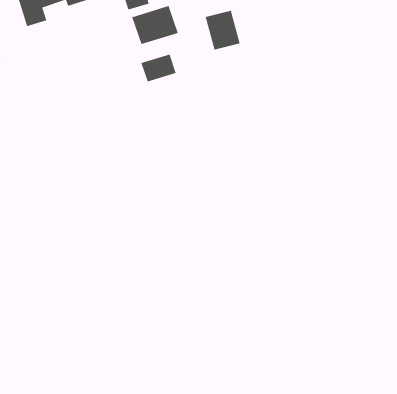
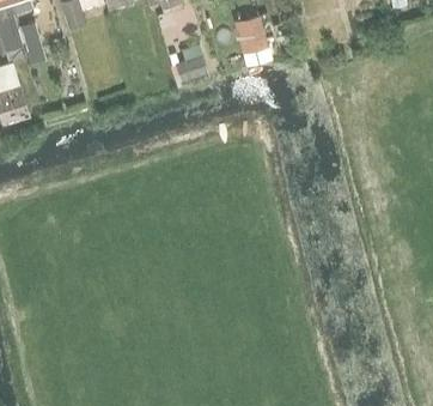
building: [132,5,179,45] -> none

